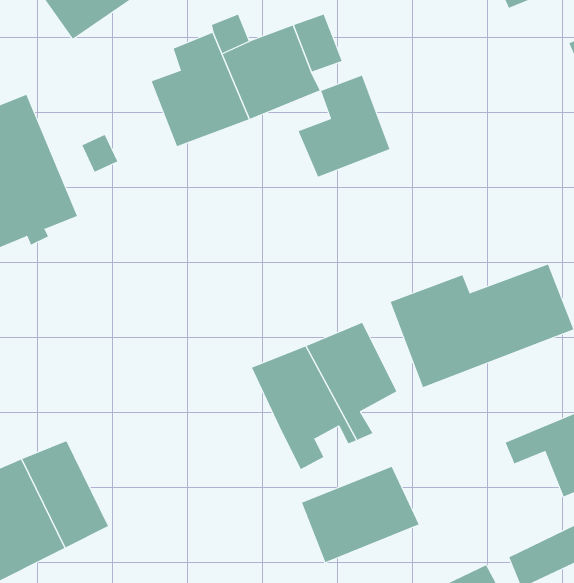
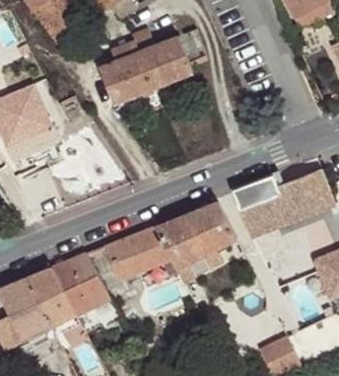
building: [298,75,390,177] -> none
building: none -> [52,254,109,315]
building: [301,466,420,563] -> [104,227,170,281]

